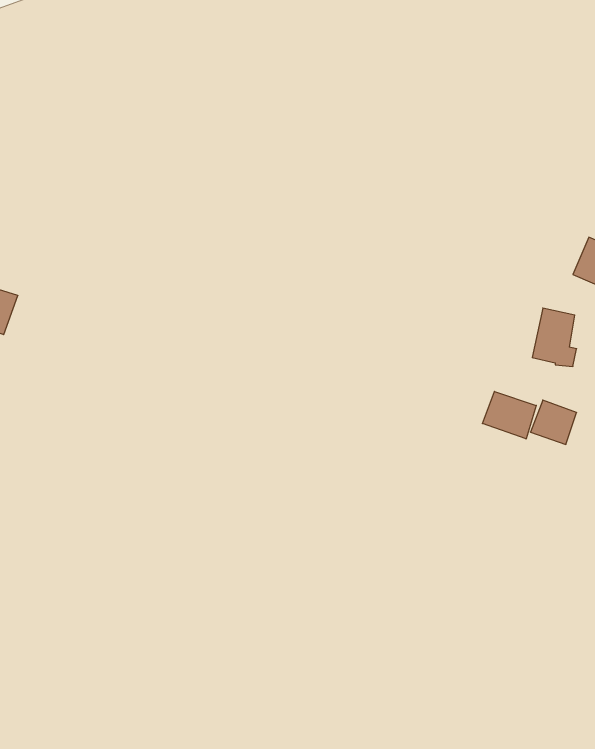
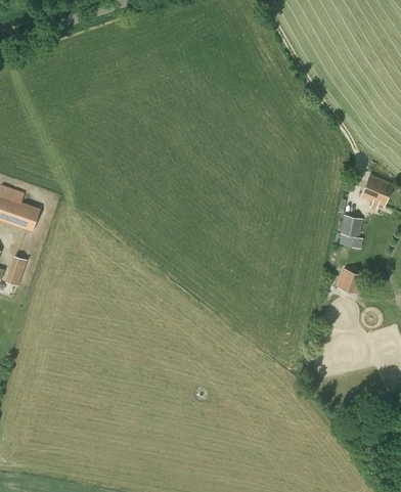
building: [482,391,536,439] -> none

